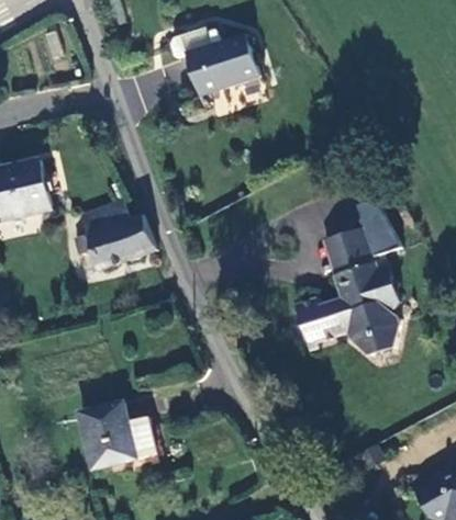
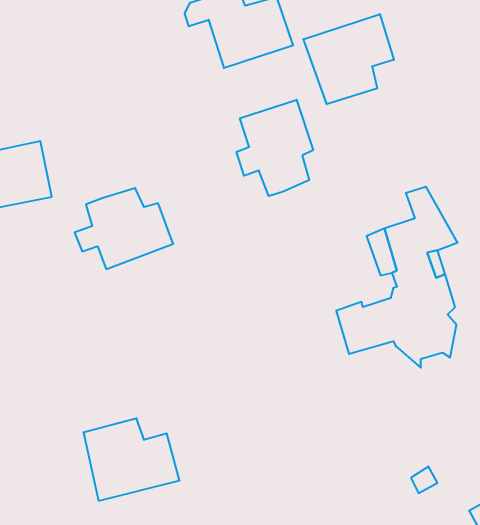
building: none -> [303,14,394,104]
building: none -> [237,100,313,196]

